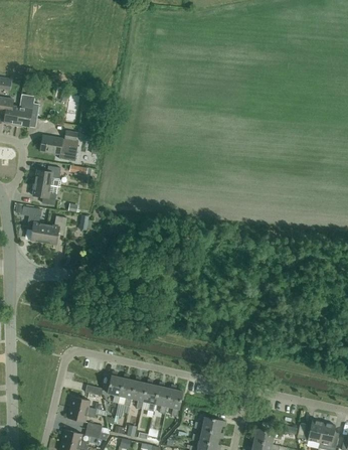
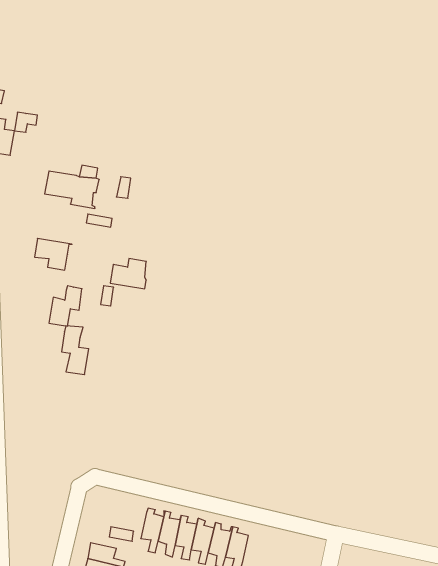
building: [15,103,38,127] -> none
building: [34,166,59,187] -> [110,259,146,289]
building: [26,208,45,243] -> [62,326,89,375]

